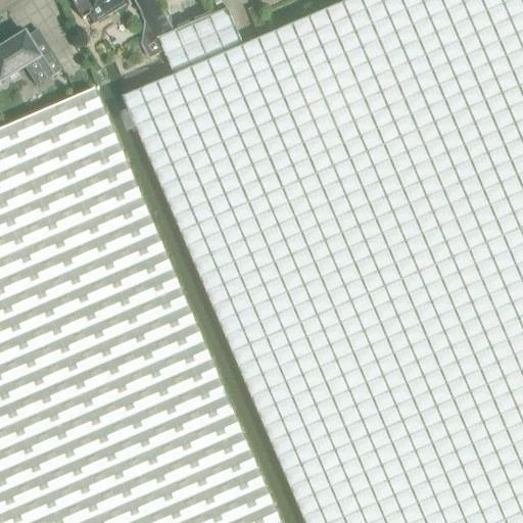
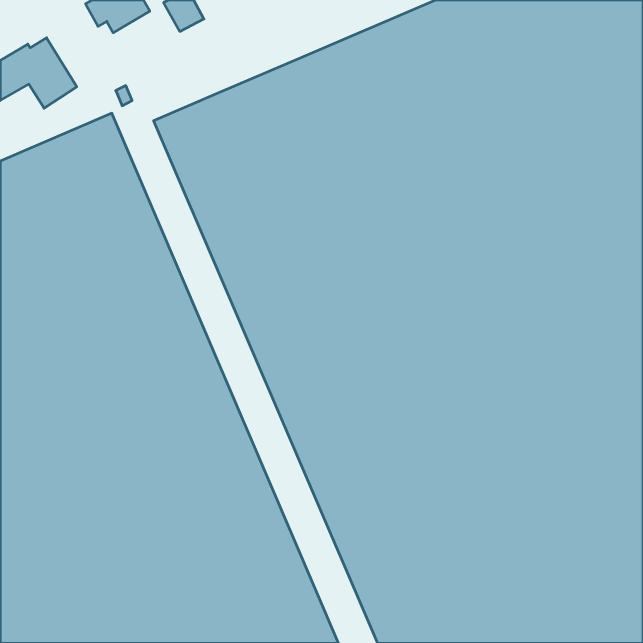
building: [159,9,244,76] -> none

